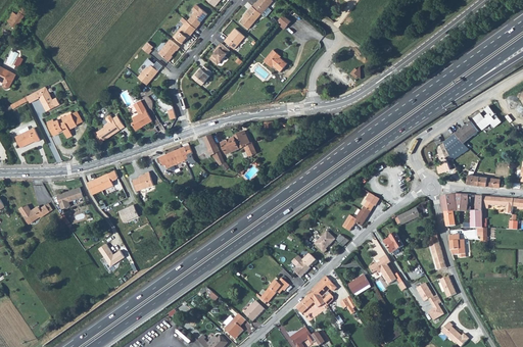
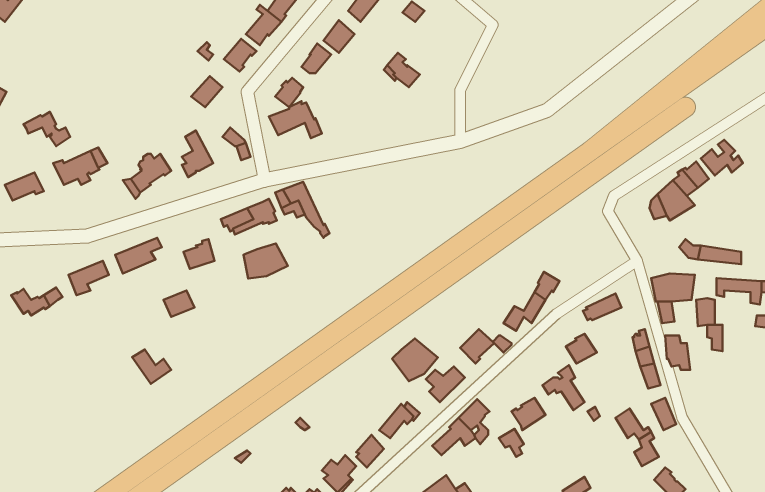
building: [220,132,254,156] -> [269,101,322,138]
building: none -> [243,244,288,278]
building: none -> [392,339,438,381]

